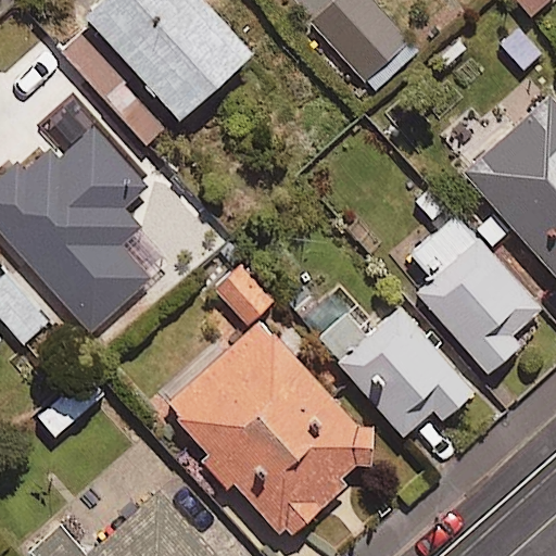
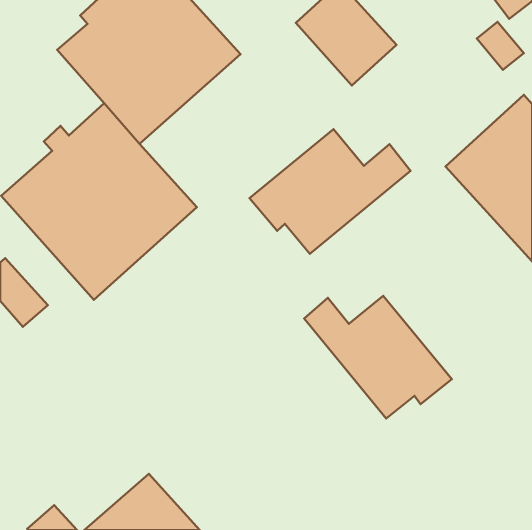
building: none -> [249,129,410,254]
building: [410,214,540,374] -> none
building: [163,321,372,541] -> none

